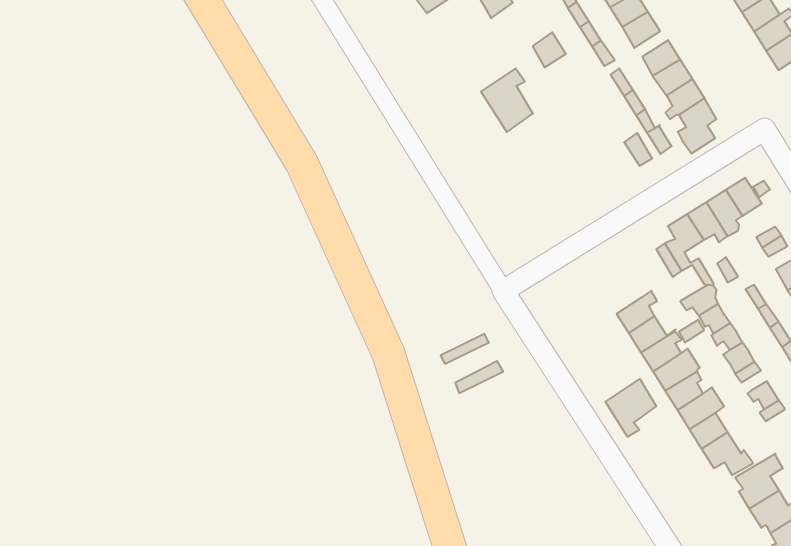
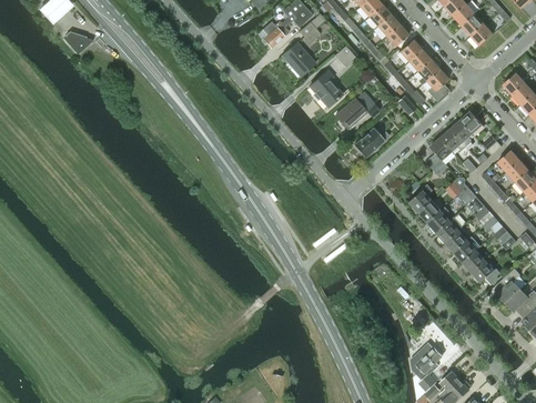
building: none -> [282,42,315,77]
building: none -> [335,92,374,129]
building: none -> [354,128,390,158]
building: [605,379,656,437] -> none

